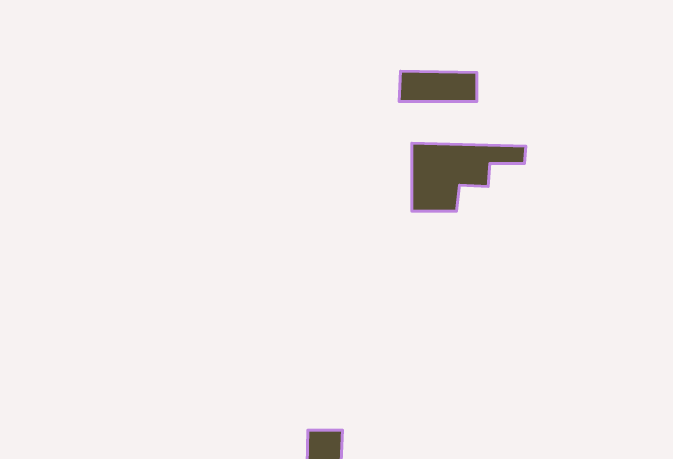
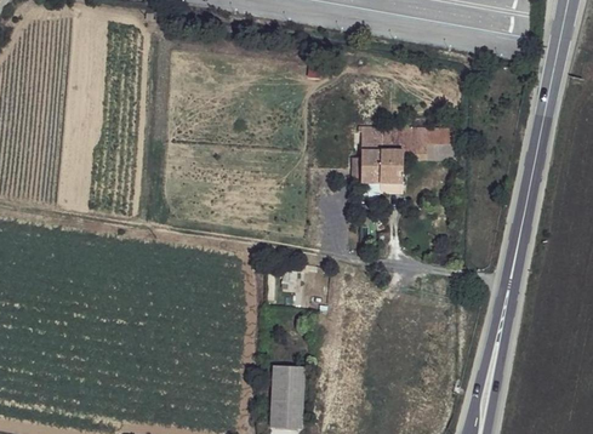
building: [399,71,477,101] -> none

